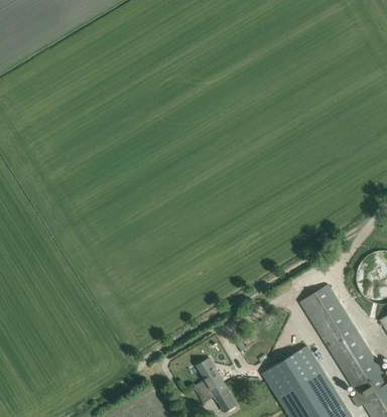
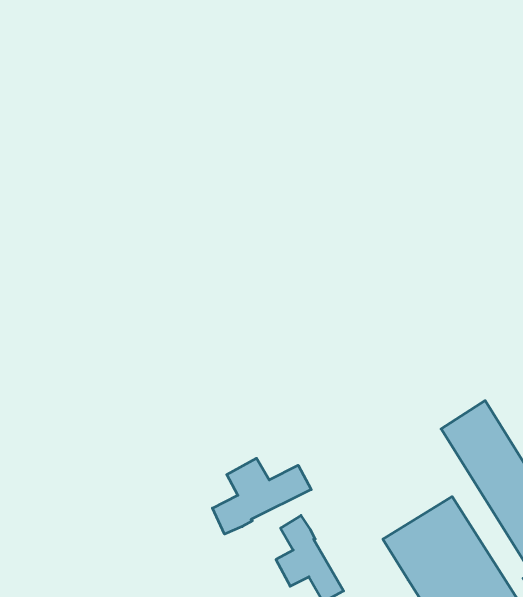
building: none -> [212,458,311,534]

